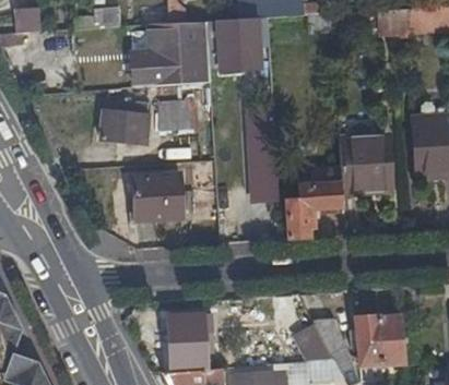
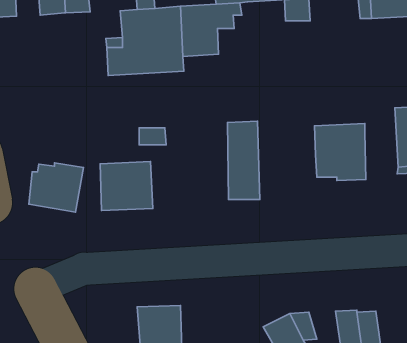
building: [96,95,150,143] -> [29,163,83,212]
building: [163,105,202,135] -> none
building: [286,166,342,239] -> none

